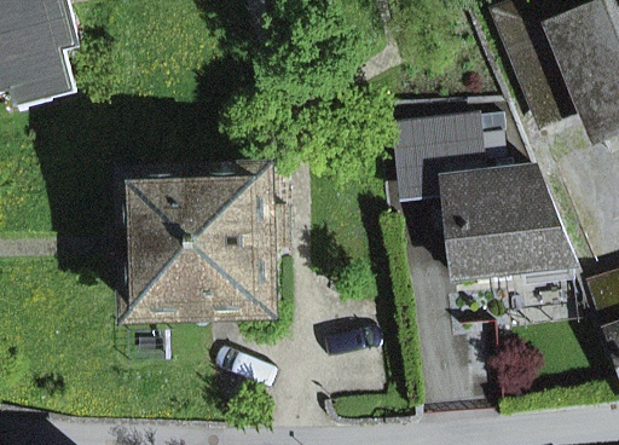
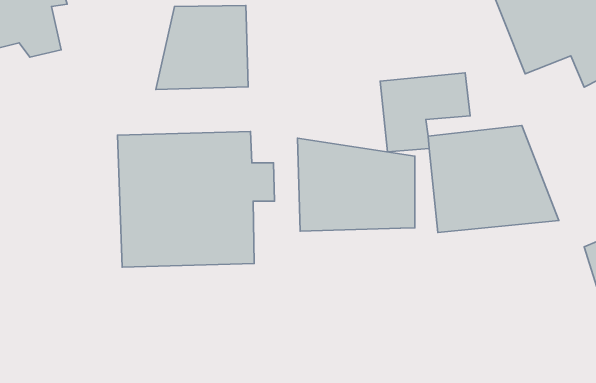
building: none -> [156,6,248,89]
building: none -> [297,138,415,231]

